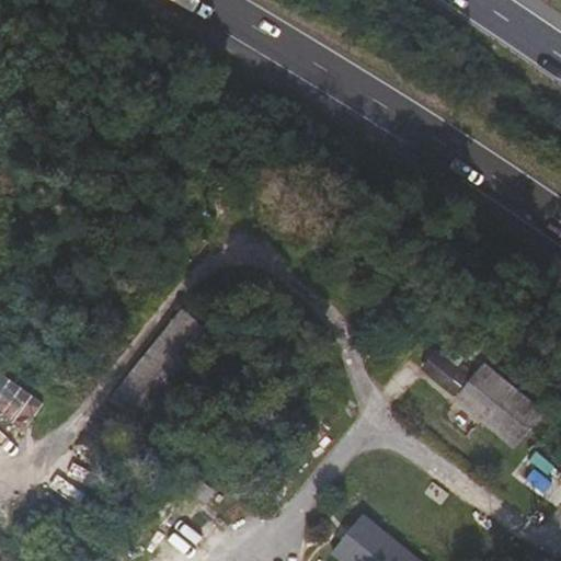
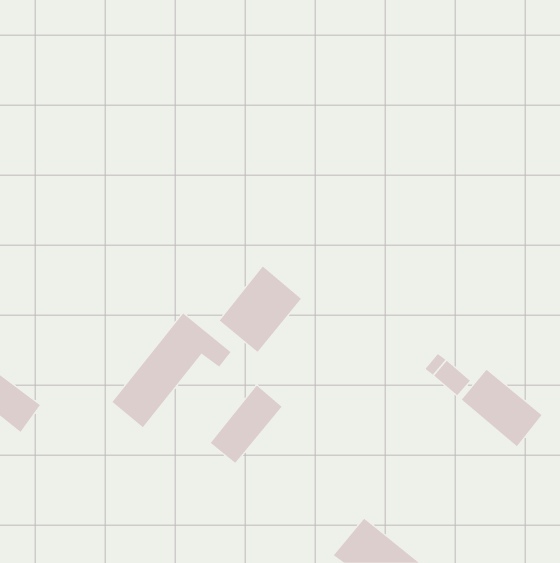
building: none -> [219,265,302,353]
building: none -> [210,385,282,464]

